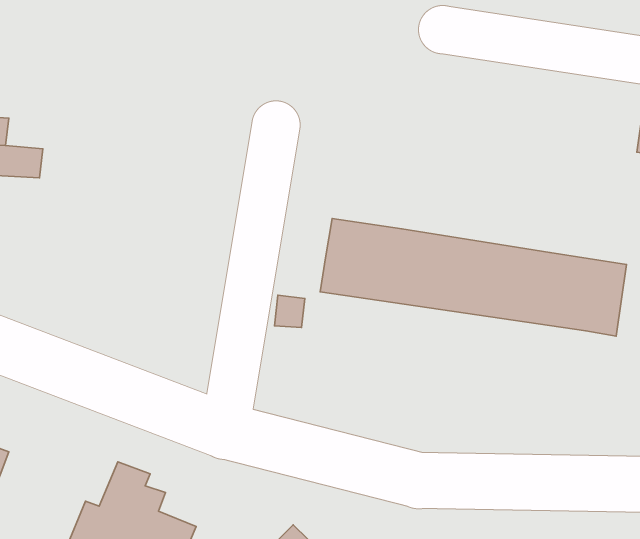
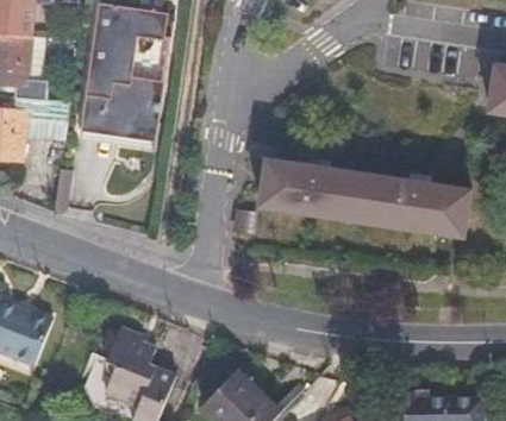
building: none -> [81,8,167,150]

